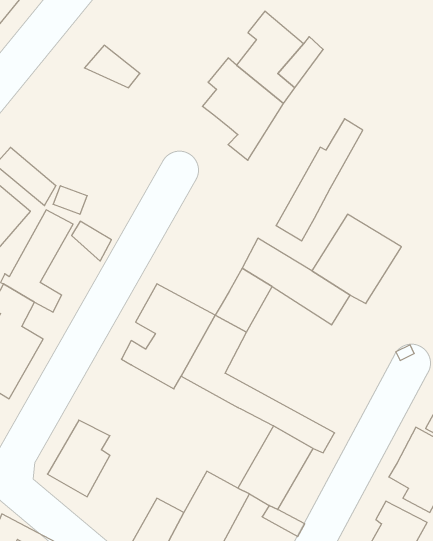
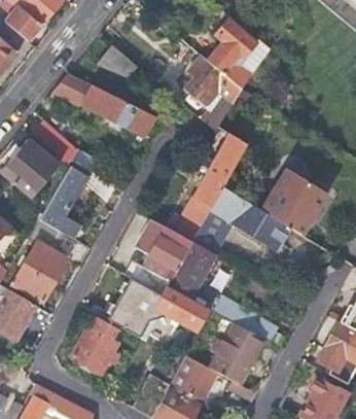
building: none -> [52,73,156,139]
building: [276,119,363,241] -> [184,136,247,224]
building: none -> [108,278,209,338]

